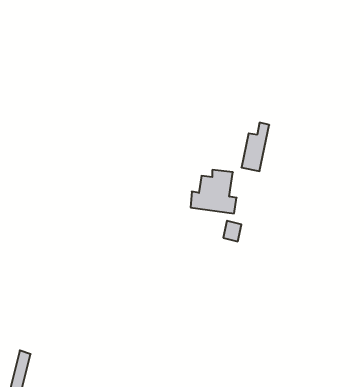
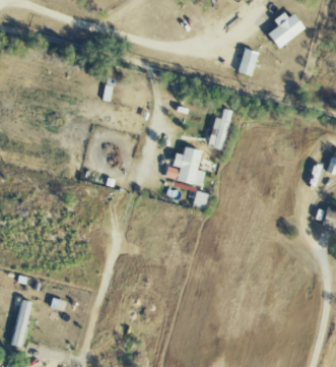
building: none -> [268,9,305,47]
building: none -> [237,48,259,75]

